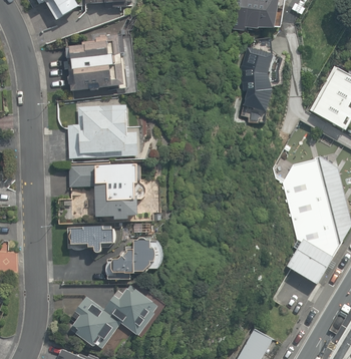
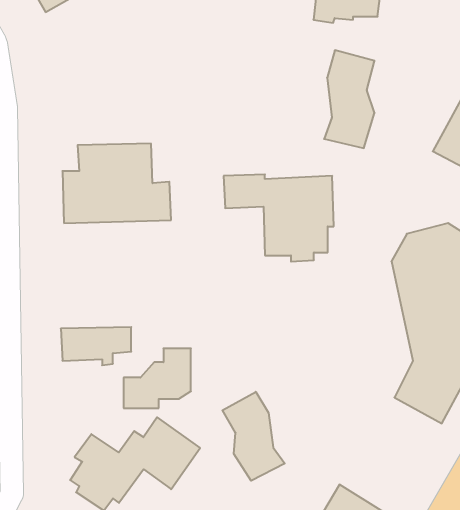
building: [66,35,124,91] -> none
building: [68,164,140,222] -> [224,174,334,262]
building: none -> [222,392,285,481]

